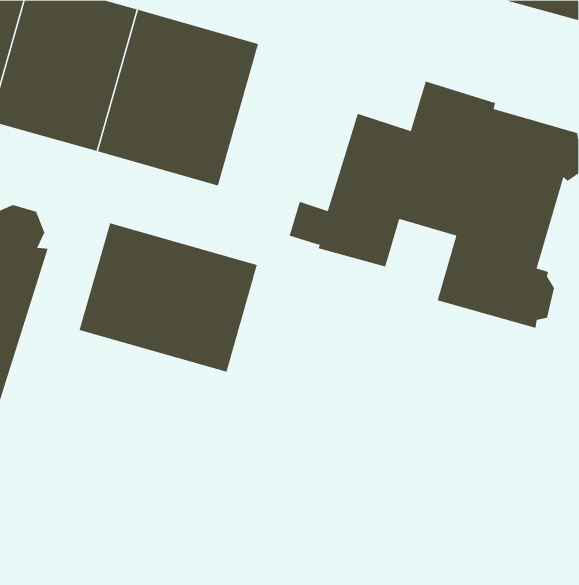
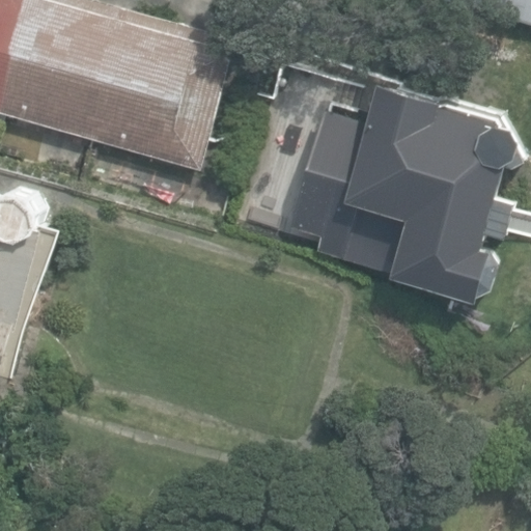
building: [79,223,258,373] -> none

